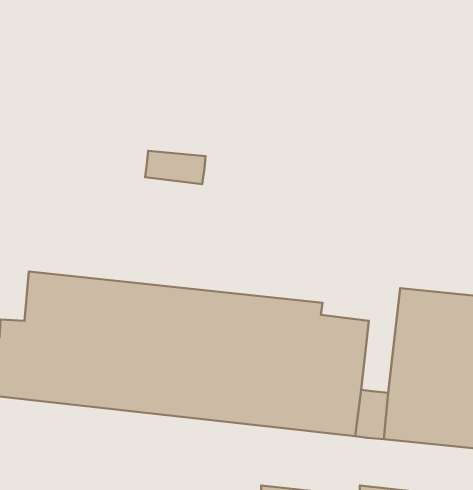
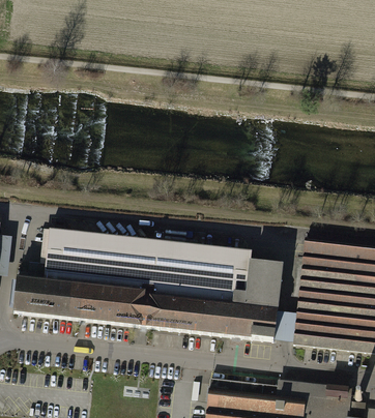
building: [145,151,206,184] -> none

